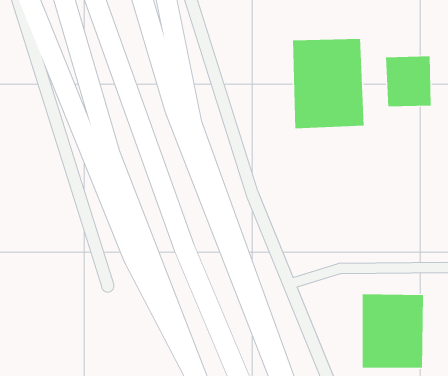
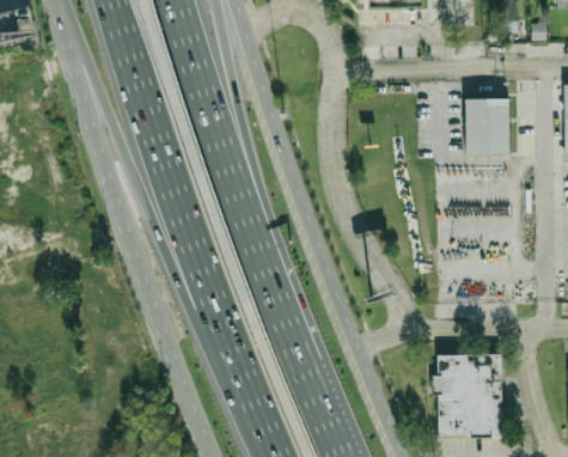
building: [293,38,364,129] -> none

